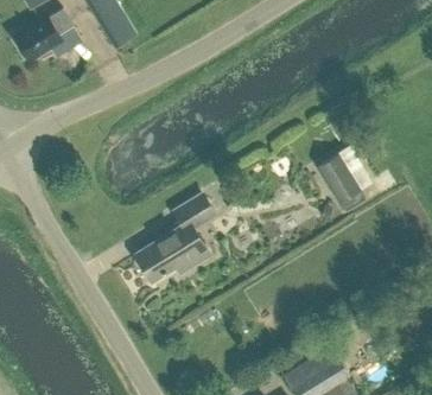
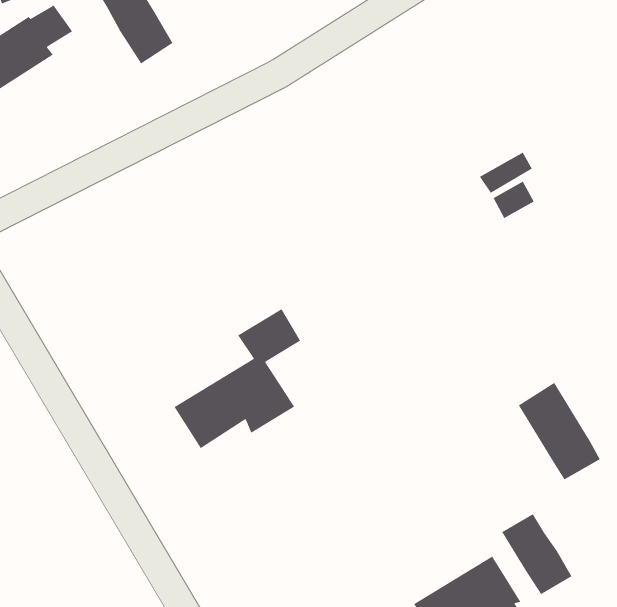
building: [316,151,367,211] -> [518,382,601,481]
building: none -> [501,513,573,595]

